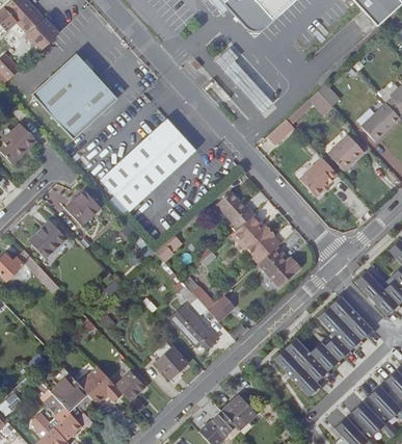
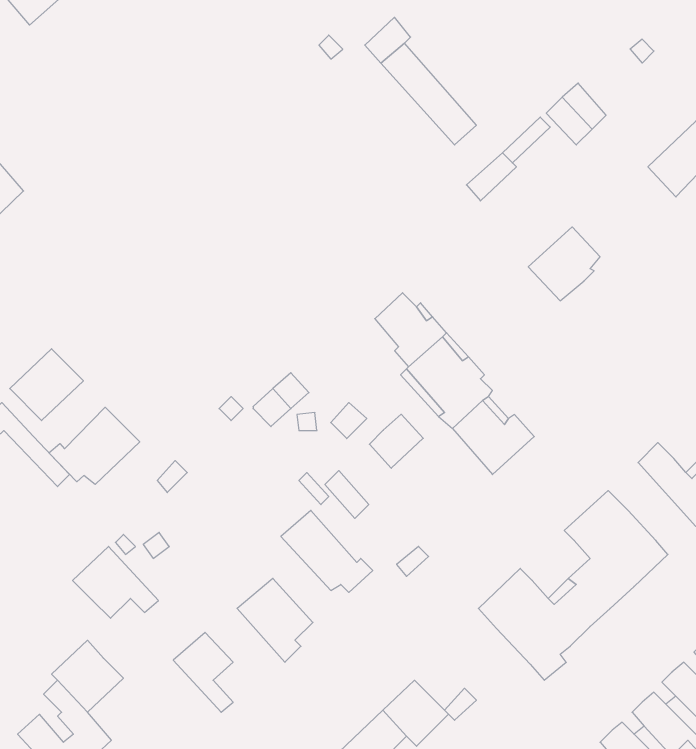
building: [32,54,118,139] -> none
building: [101,119,196,210] -> none
building: [327,134,364,169] -> none
building: [66,189,102,225] -> none
building: none -> [49,407,140,484]
building: [209,293,237,321] -> [369,414,423,468]
building: [78,364,123,401] -> [73,546,158,618]

